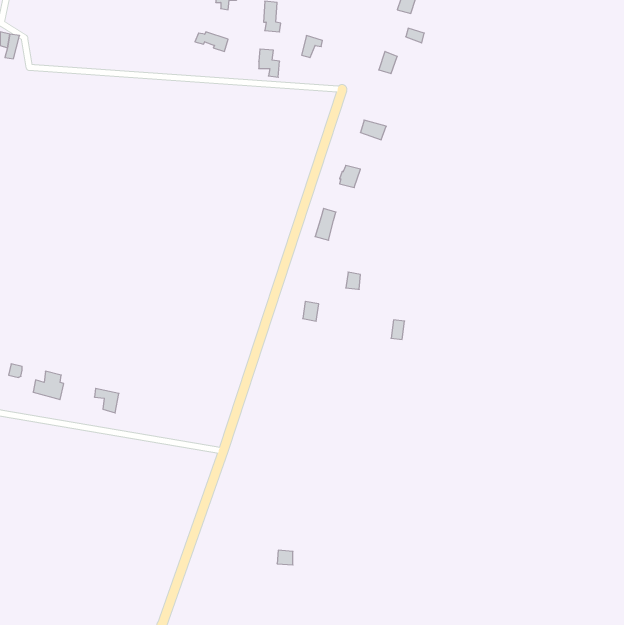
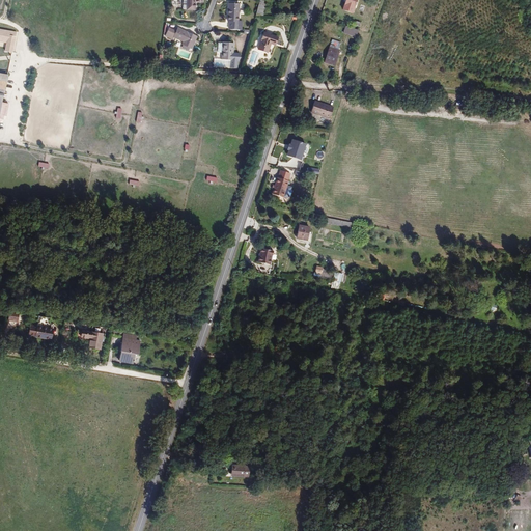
building: none -> [121,335,142,363]

